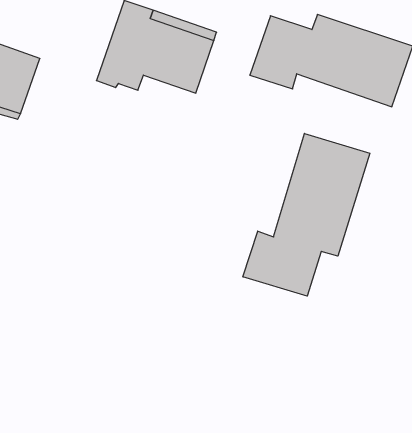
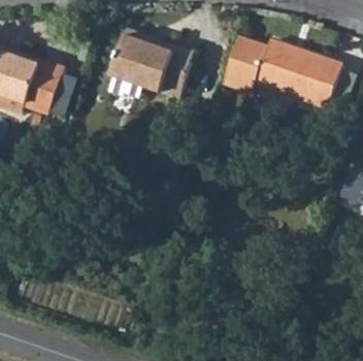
building: [243,133,370,296] -> none

